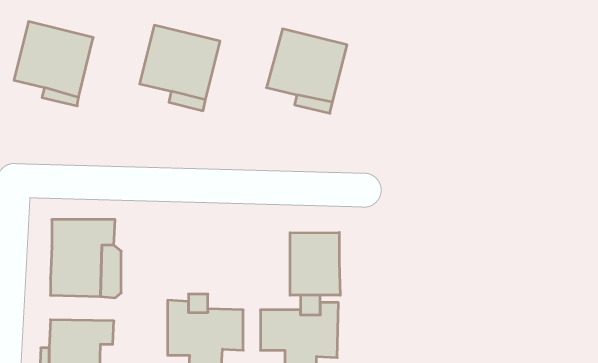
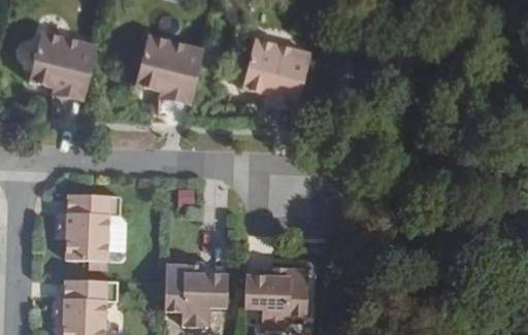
building: [290,232,340,295] -> none

